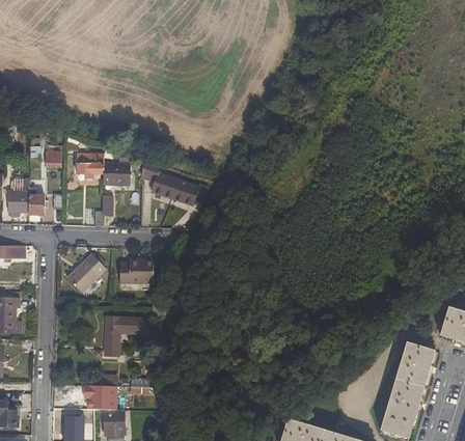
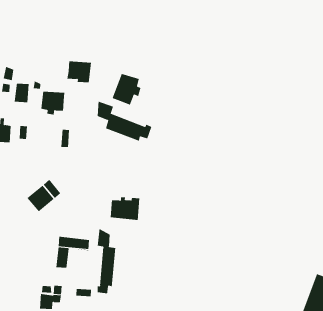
building: none -> [112,73,141,106]
building: [103,162,131,186] -> [66,61,92,83]
building: [120,258,154,284] -> [110,197,140,220]
building: none -> [97,228,116,294]

